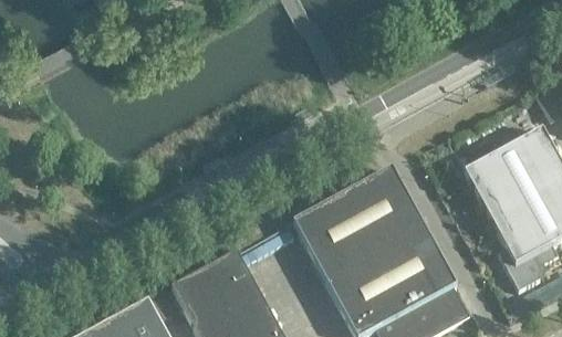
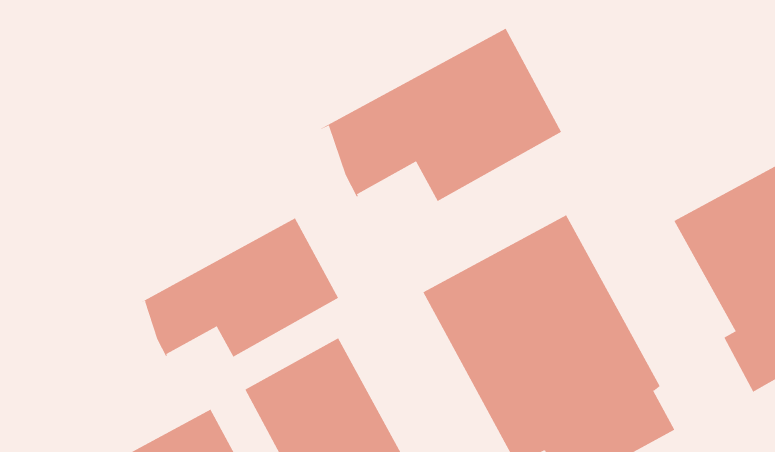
building: none -> [320,28,562,202]
building: none -> [137,217,339,358]

